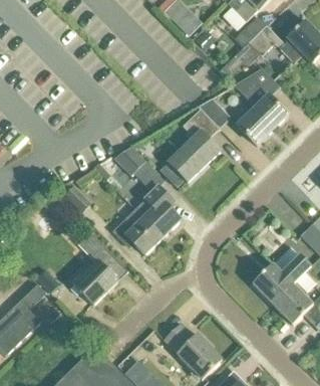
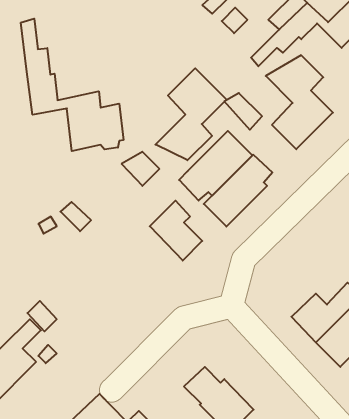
building: none -> [21,19,123,151]
building: none -> [155,68,226,160]
building: none -> [204,155,272,227]
building: [110,208,163,255] -> none
building: [72,233,126,306] -> none

